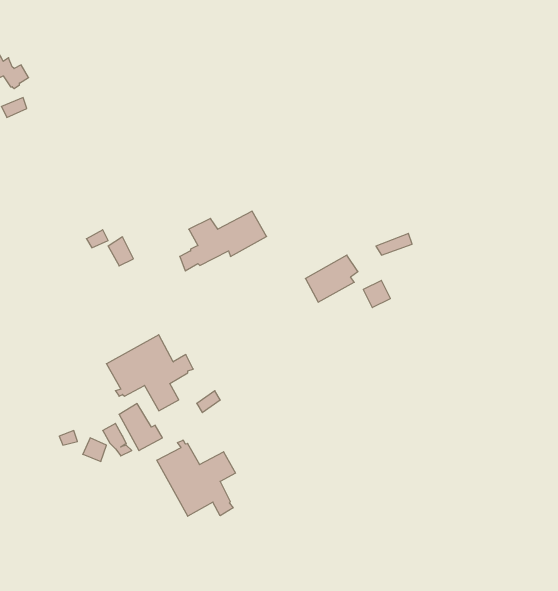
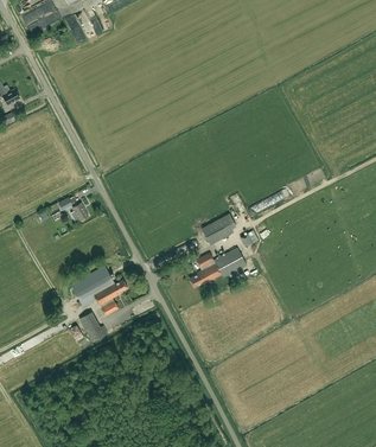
building: [180,211,267,271] -> [190,248,247,287]
building: [157,440,235,516] -> none

